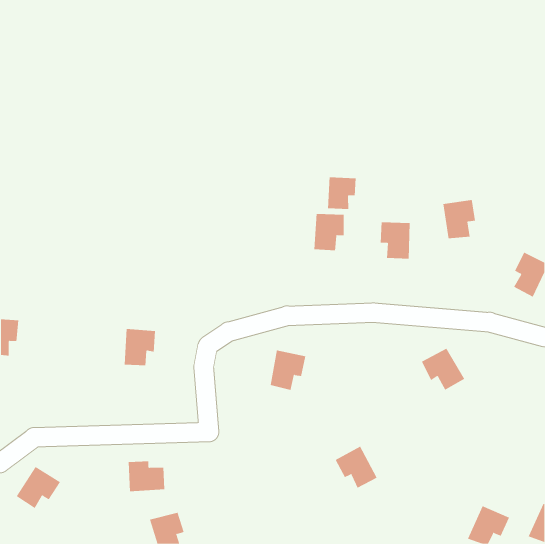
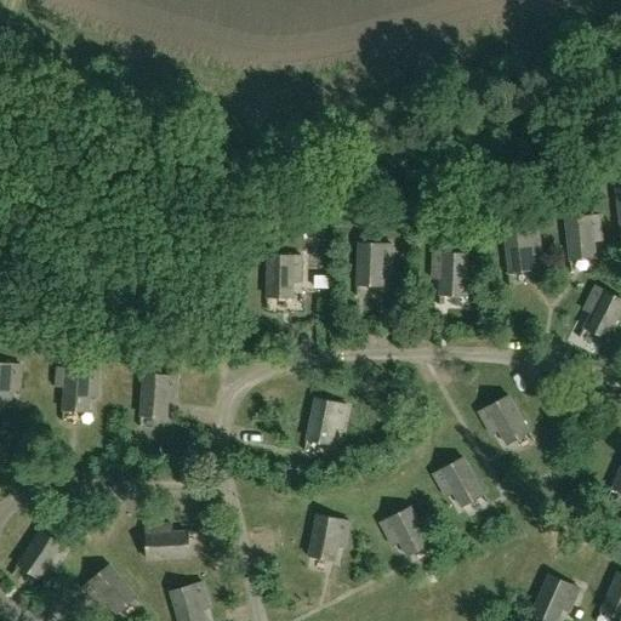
building: [327,176,356,210] -> none
building: none -> [565,215,602,260]
building: none -> [267,255,302,296]
building: none -> [63,368,99,411]
building: none -> [433,457,483,506]
building: none -> [309,514,351,560]
building: none -> [82,564,135,613]

